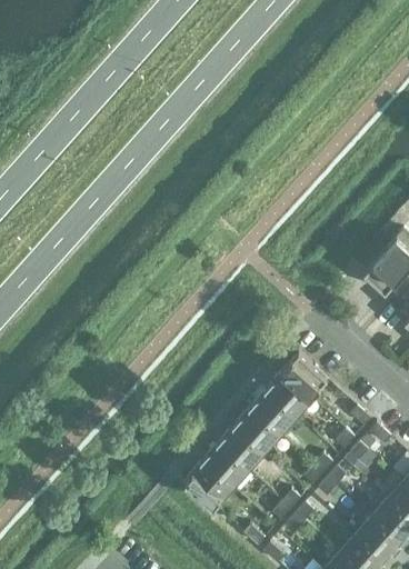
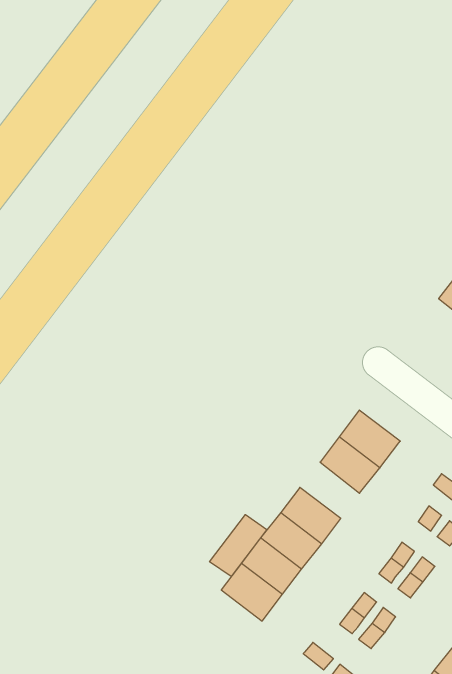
building: [249,391,293,435] -> none
building: none -> [210,515,267,577]

